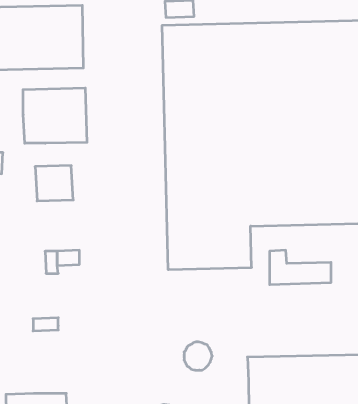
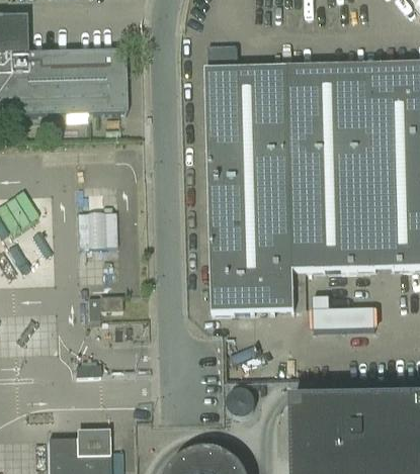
building: [23,88,87,143] -> none

